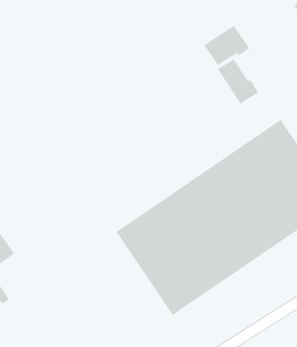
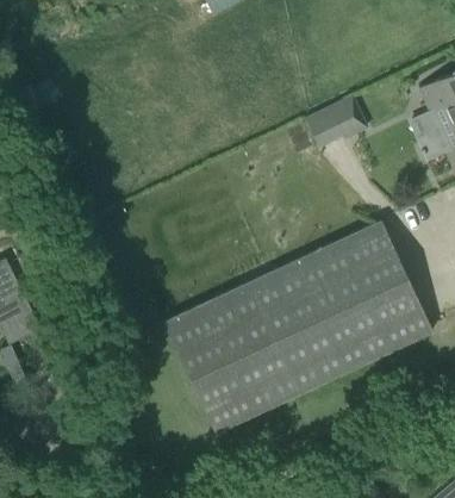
building: [217,59,259,104] -> none

